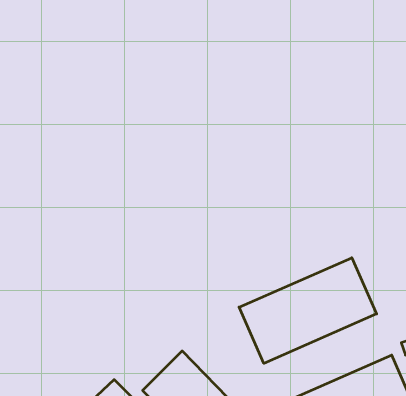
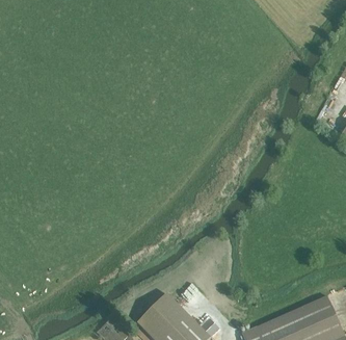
building: [239,258,377,363] -> none

